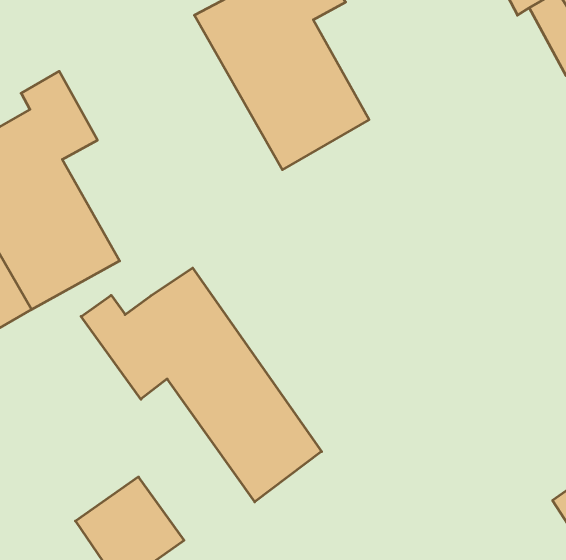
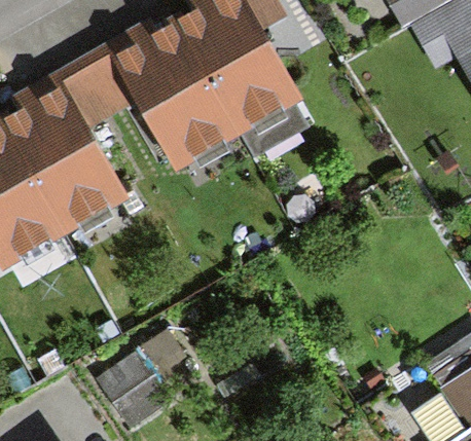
building: none -> [83,27,240,171]
building: [81,268,322,502] -> none

